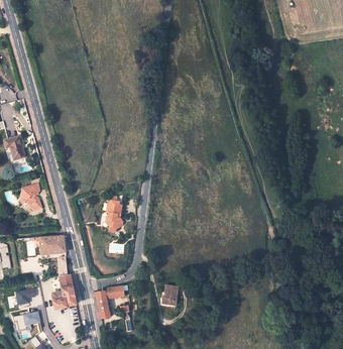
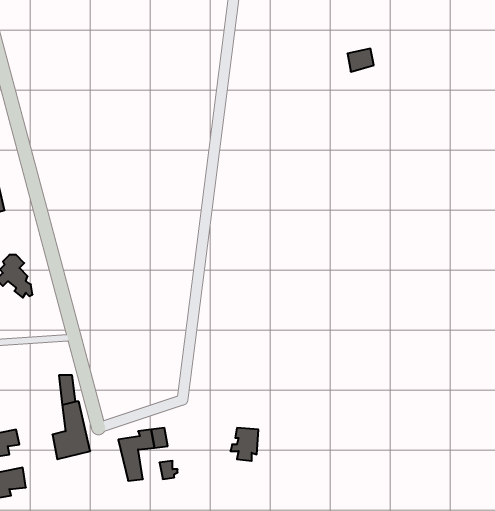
building: [107,204,123,233] -> none
building: [37,234,66,253] -> none

